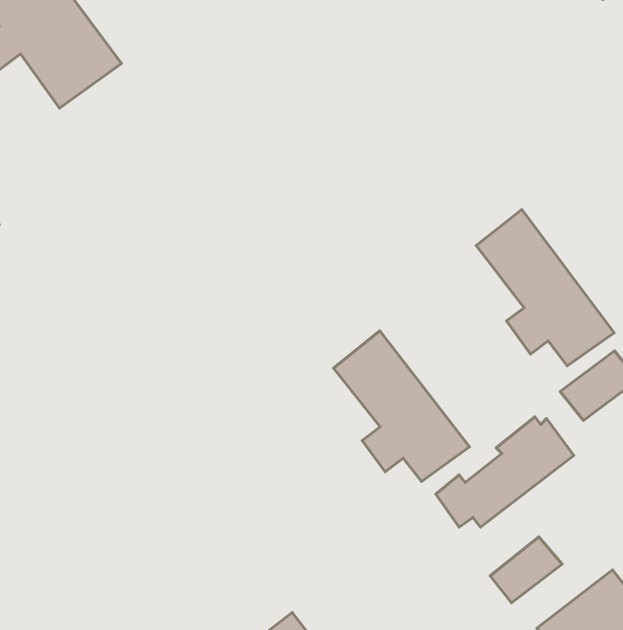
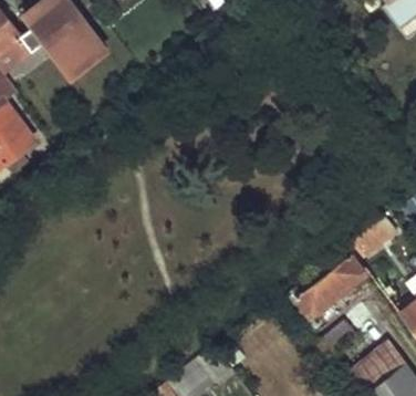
building: [476,210,614,366] -> none
building: [334,331,469,482] -> none

